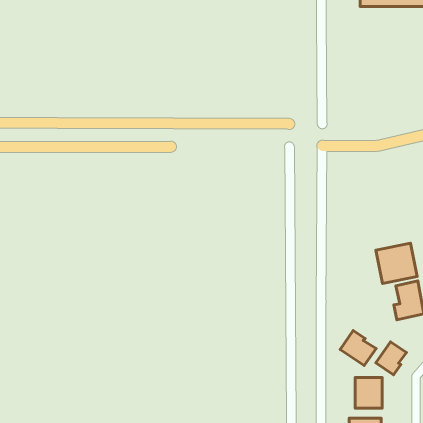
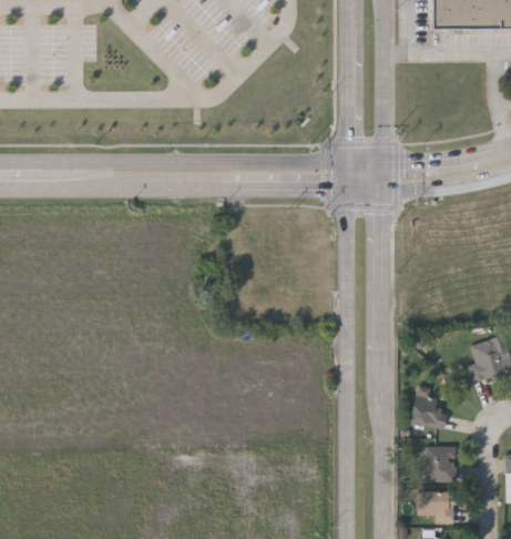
building: [376,243,417,283] -> none
building: [376,342,407,375] -> none

